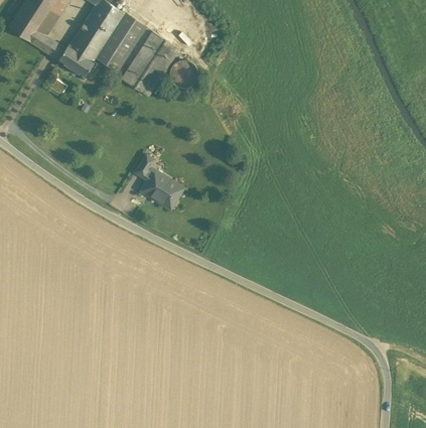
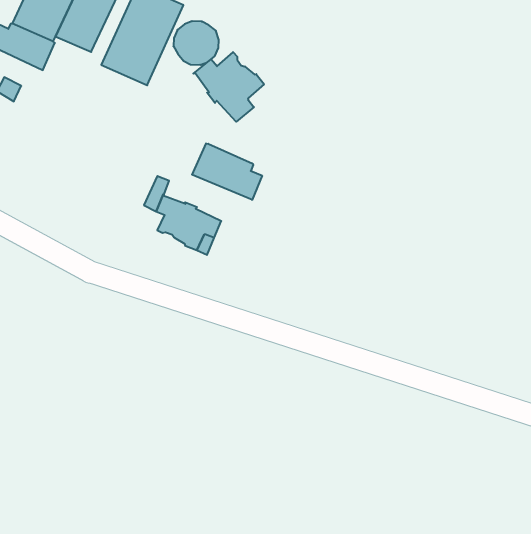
building: none -> [193,52,264,122]
building: none -> [192,143,262,200]

